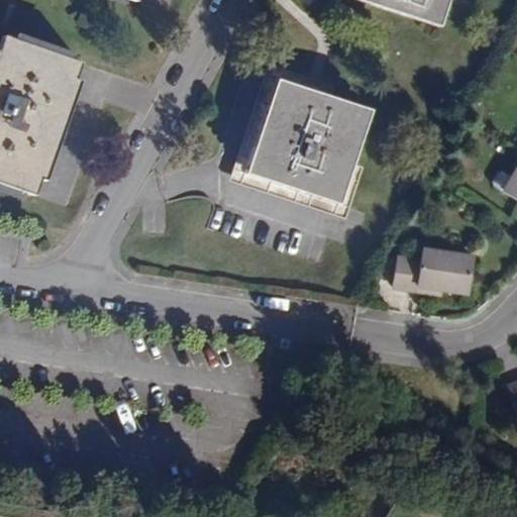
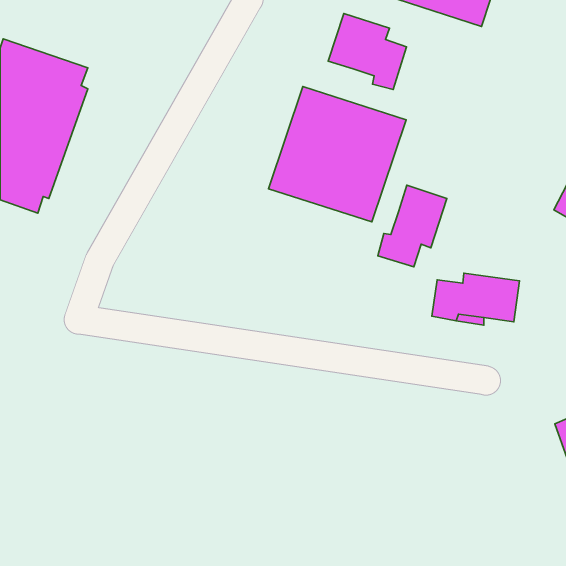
building: none -> [328,13,407,89]
building: none -> [378,185,447,267]

